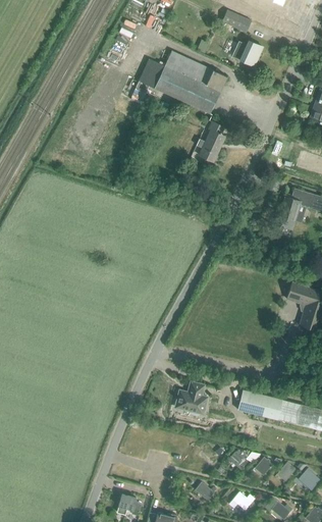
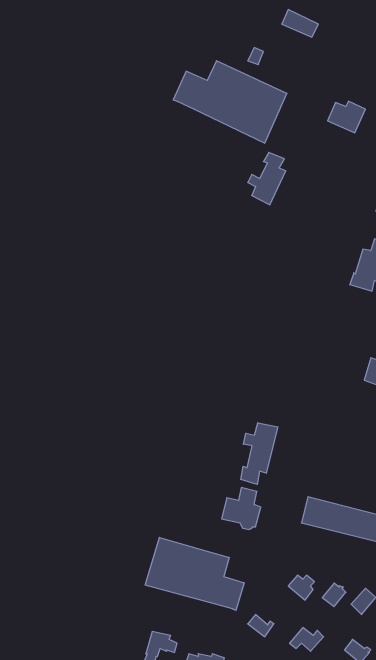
building: [232,41,262,65] -> [328,101,365,133]
building: none -> [241,423,278,484]
building: none -> [145,537,244,610]

